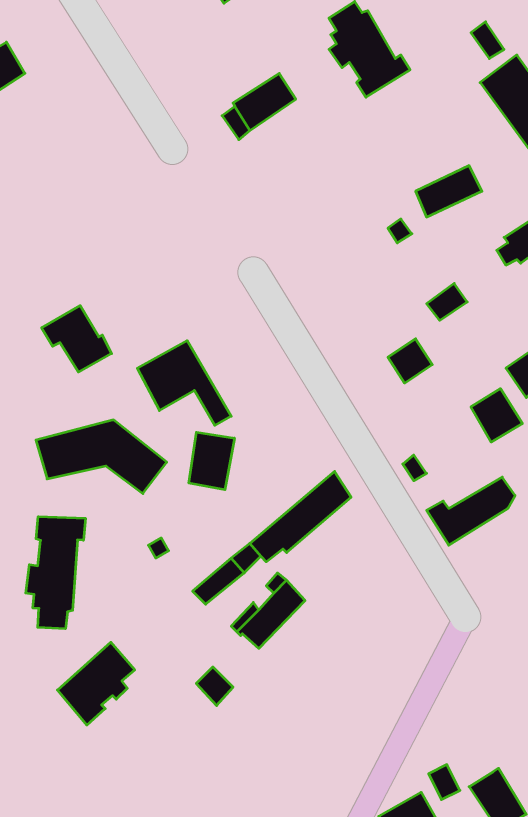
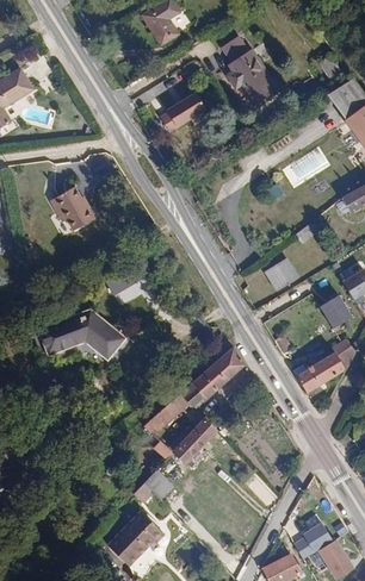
building: [42,306,112,372] -> [48,187,93,230]
building: [189,432,234,490] -> none
building: [26,517,85,629] -> none
building: [57,642,135,725] -> [103,508,153,562]
building: none -> [304,520,336,552]

